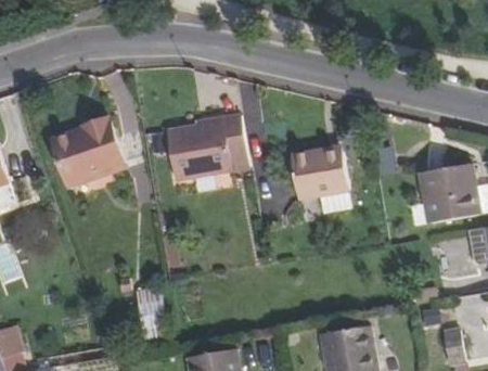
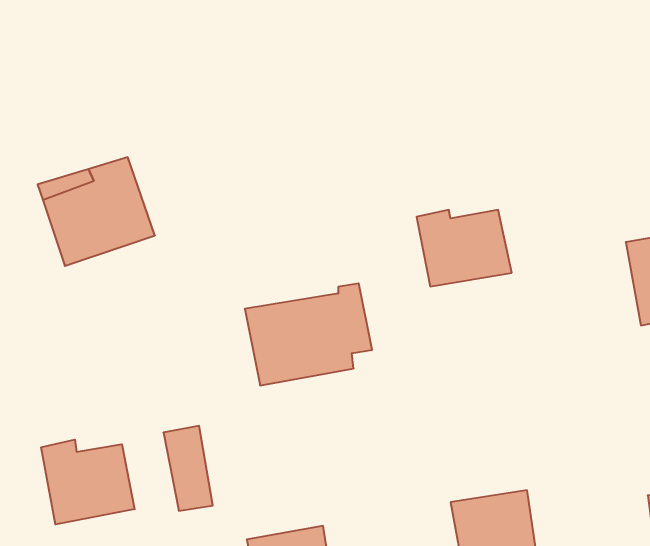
building: [166,114,247,179] -> [245,283,372,385]
building: none -> [41,440,135,524]

